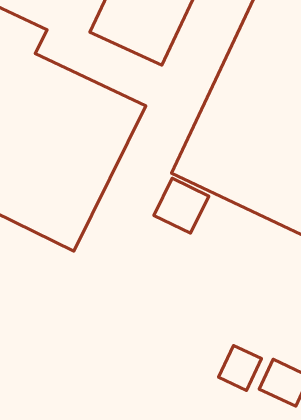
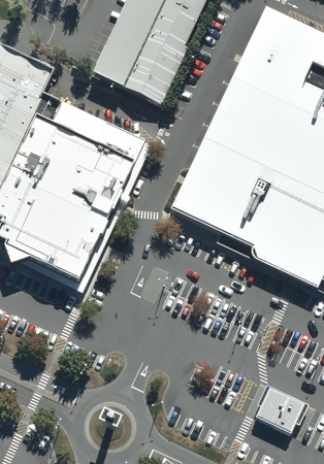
building: [154,178,209,233] -> none
building: [219,345,261,390] -> none

